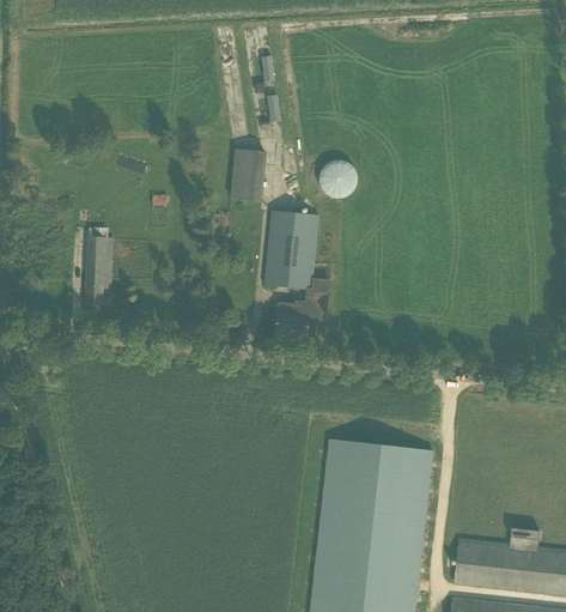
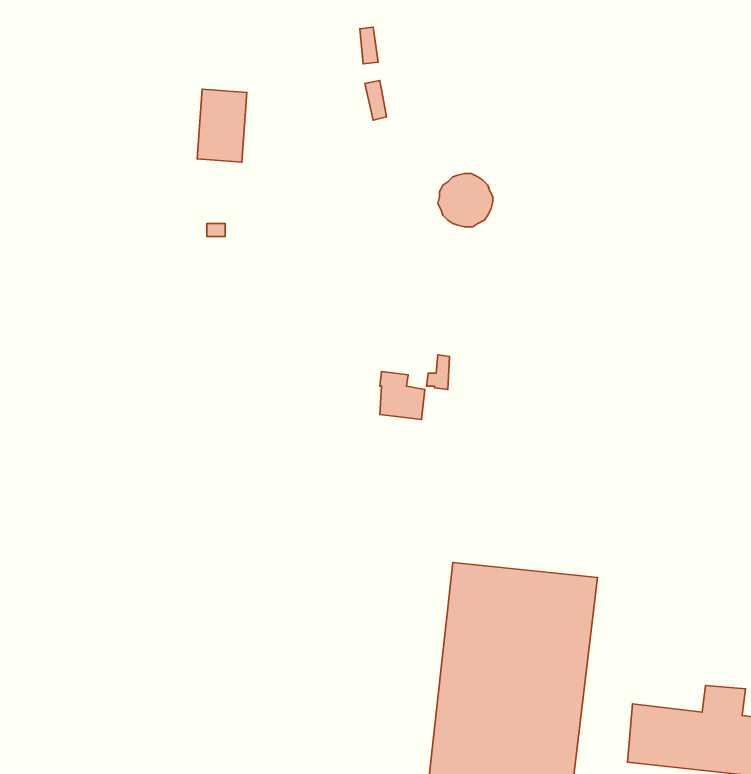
building: [230,147,266,200] -> [197,89,247,162]
building: [264,210,318,290] -> none
building: [86,236,114,302] -> none

